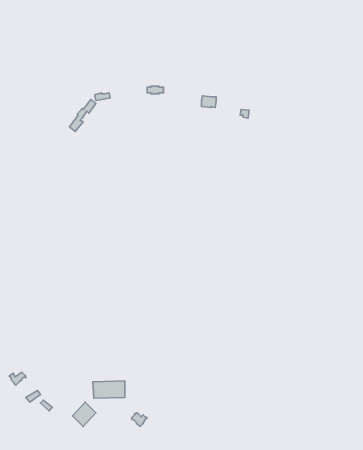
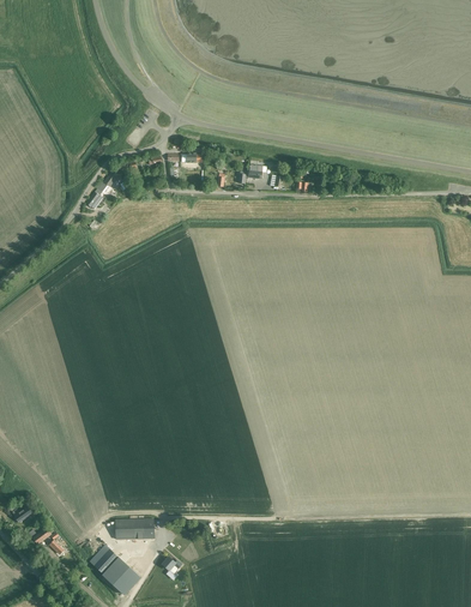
building: none -> [102,558,140,595]

